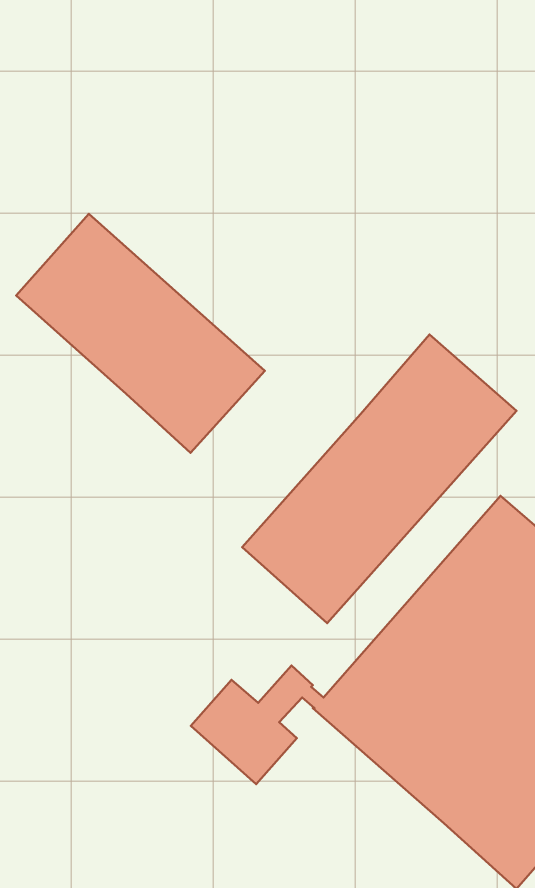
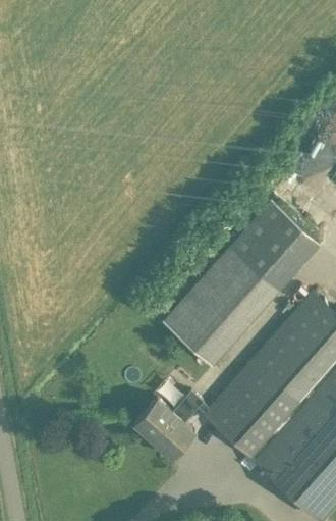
building: [16,214,265,453] -> none

